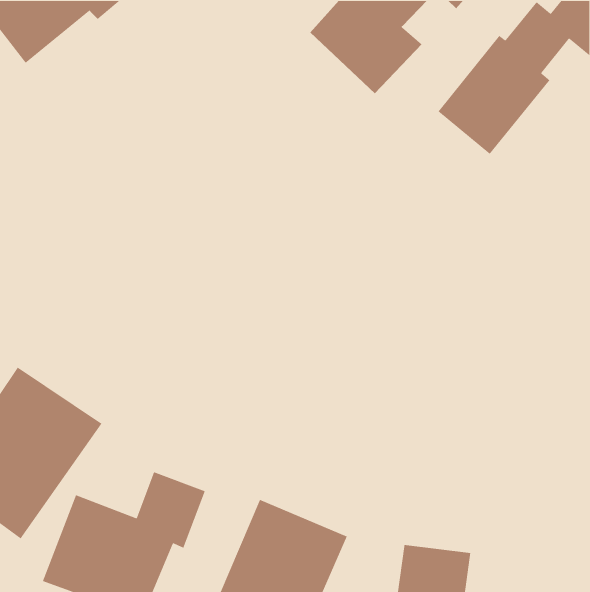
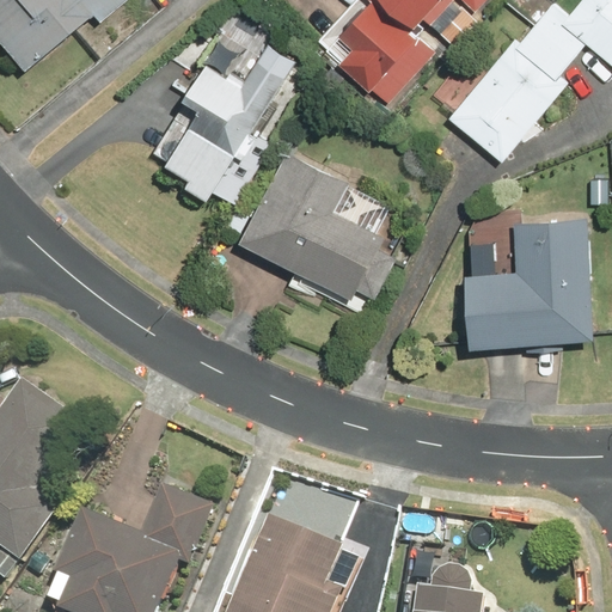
building: none -> [160,49,305,208]
building: none -> [238,153,384,300]
building: none -> [463,216,592,347]

